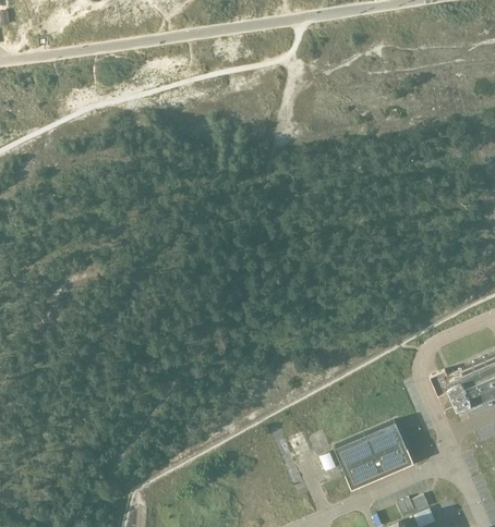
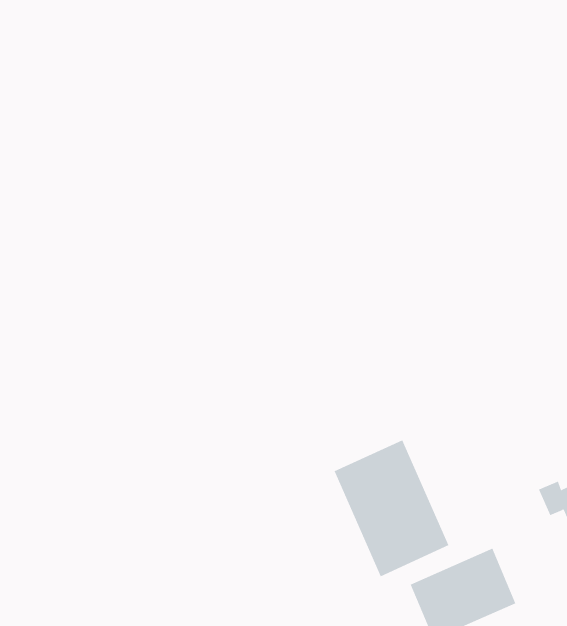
building: none -> [334,439,449,577]

